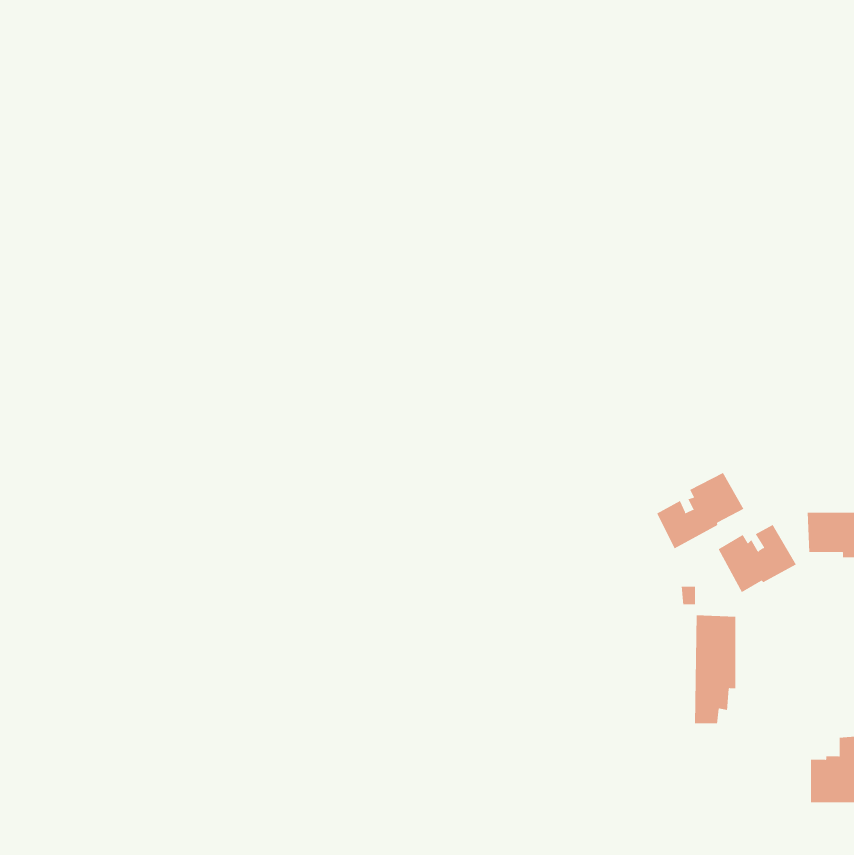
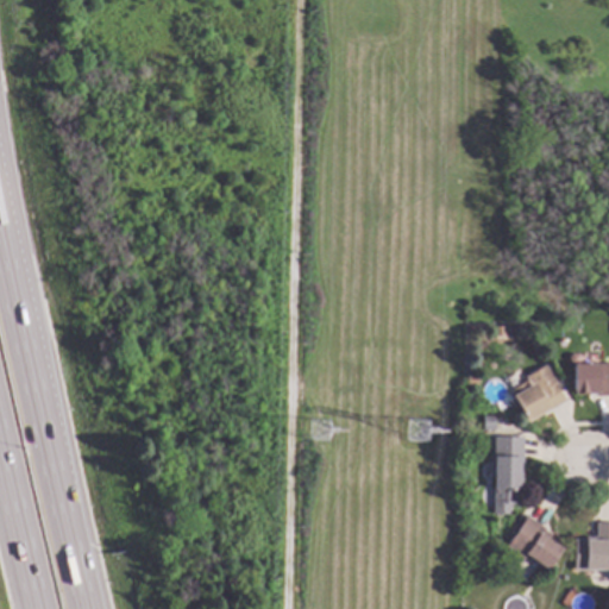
building: [657,472,744,549] -> none
building: none -> [507,515,564,569]

